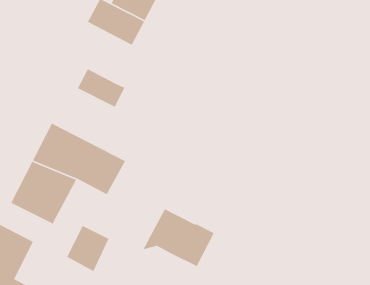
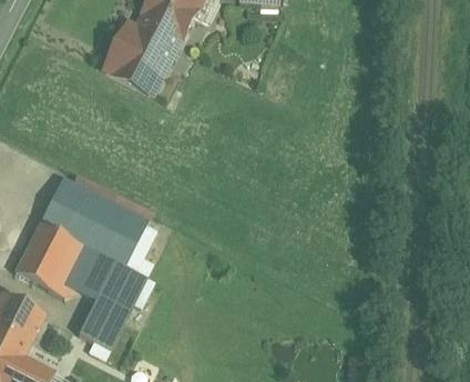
building: [77,68,125,108] -> none
building: [142,208,215,267] -> [68,241,150,308]

